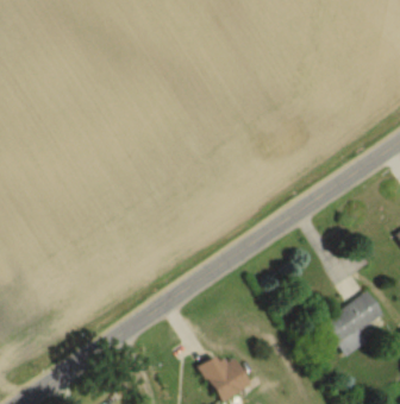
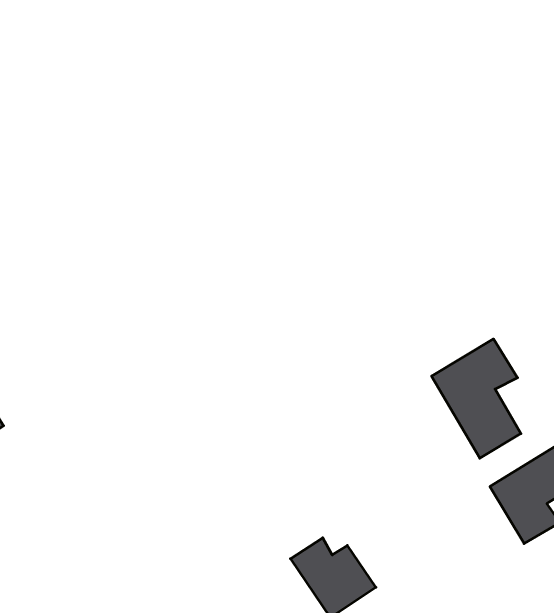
building: none -> [432,339,521,458]

